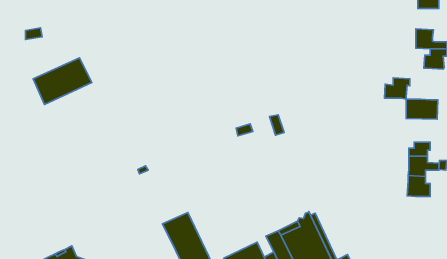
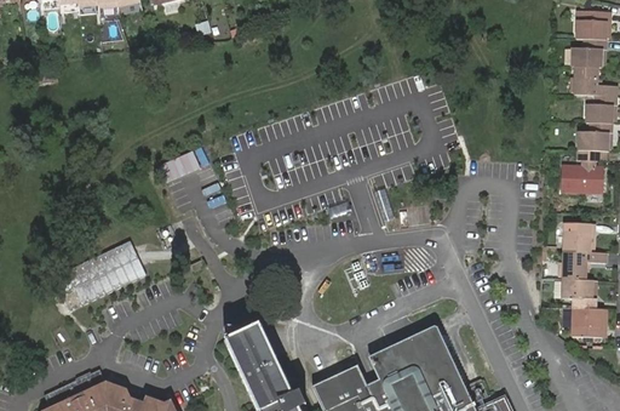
building: none -> [572,41,607,70]
building: [33,58,92,104] -> [64,239,145,303]
building: [384,78,410,99] -> [576,124,612,153]
building: none -> [573,301,607,338]

